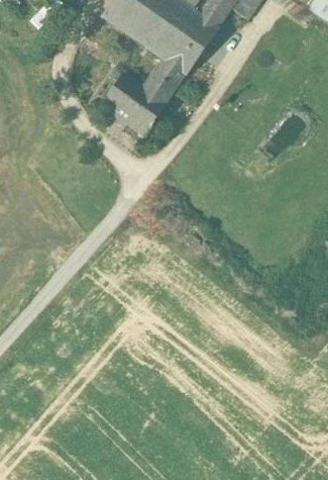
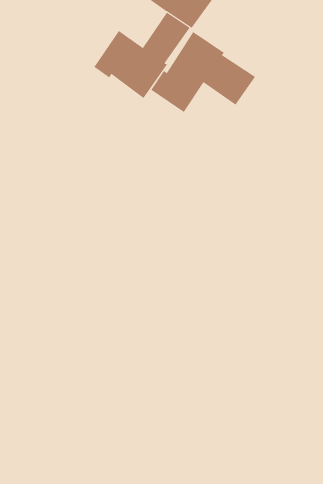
building: none -> [150,31,256,113]

